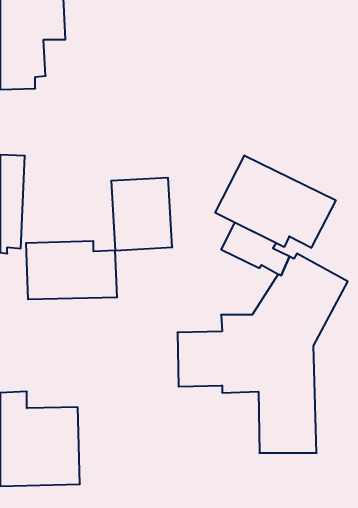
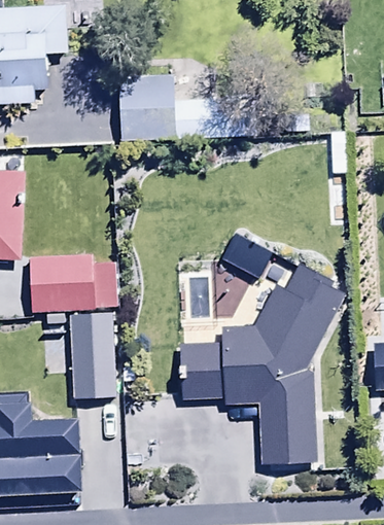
building: [215,155,336,248] -> none
building: [111,178,172,250] -> [116,72,177,144]
building: none -> [70,311,117,399]

